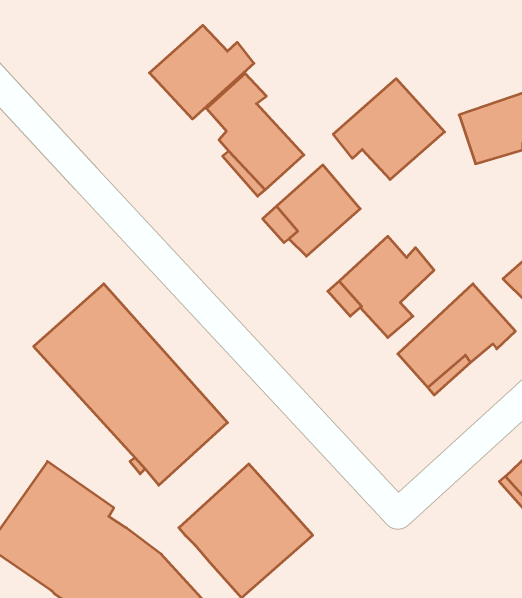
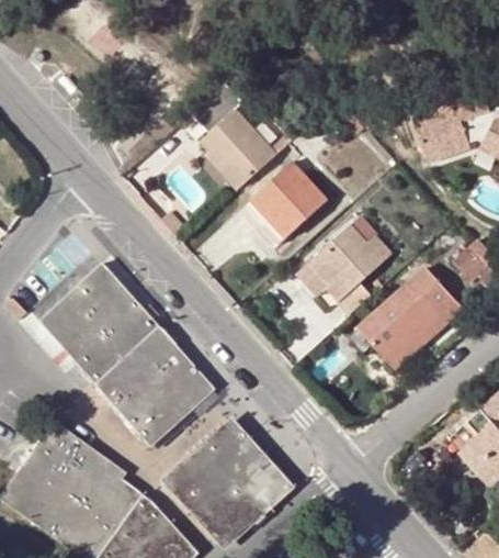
building: [149,25,254,119] -> none
building: [333,79,445,180] -> none

